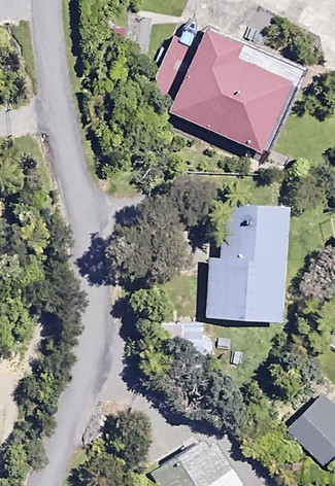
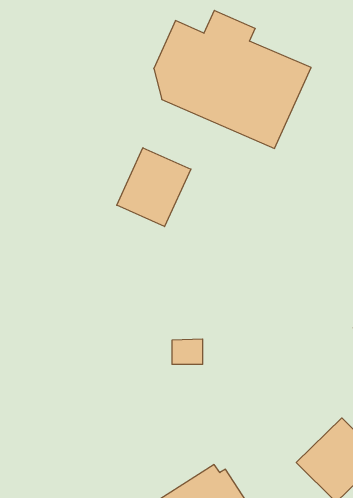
building: none -> [117,148,191,227]
building: [205,202,292,322] -> none

